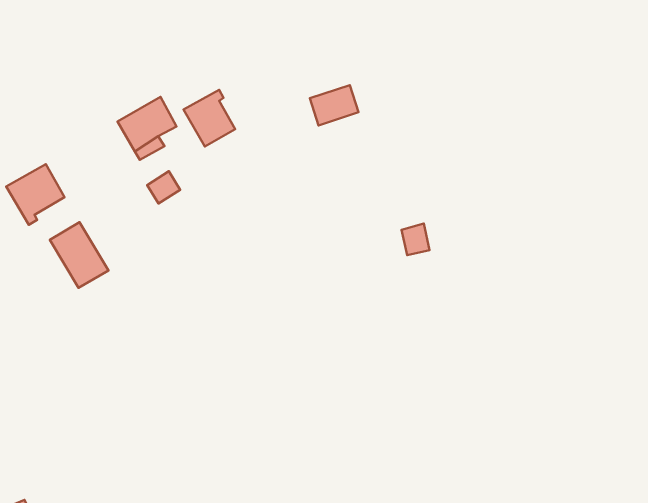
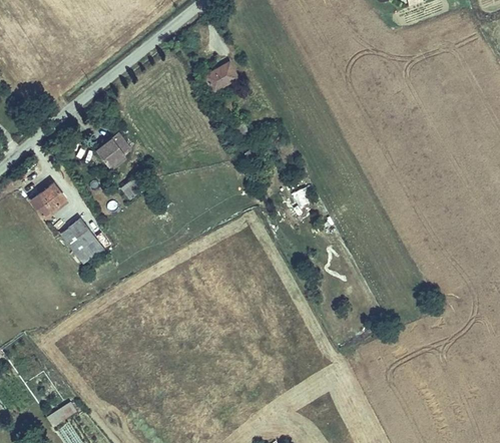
building: [310,85,358,125] -> [202,66,235,95]
building: [183,90,235,147] -> none

